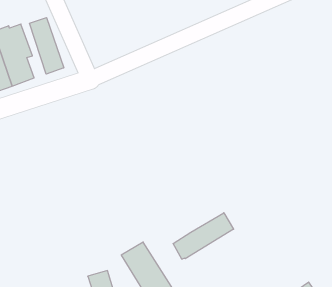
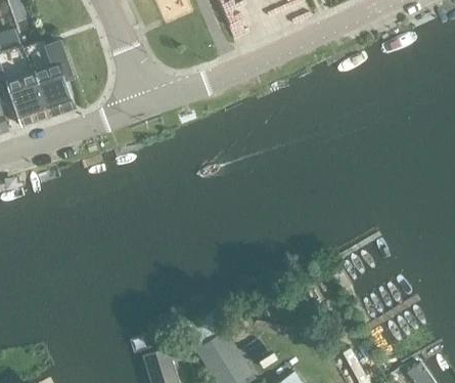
building: [30,18,64,74] -> none
building: [173,213,234,259] -> none

